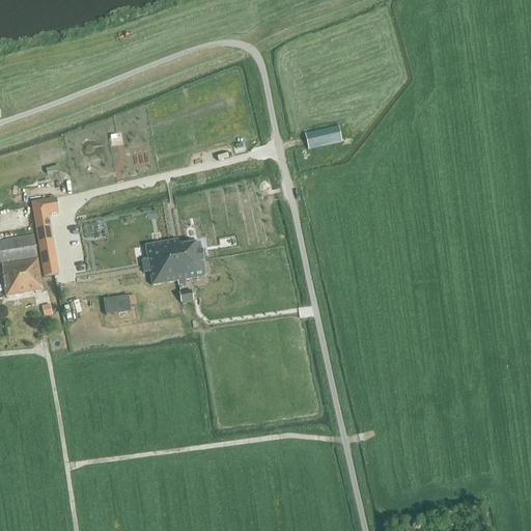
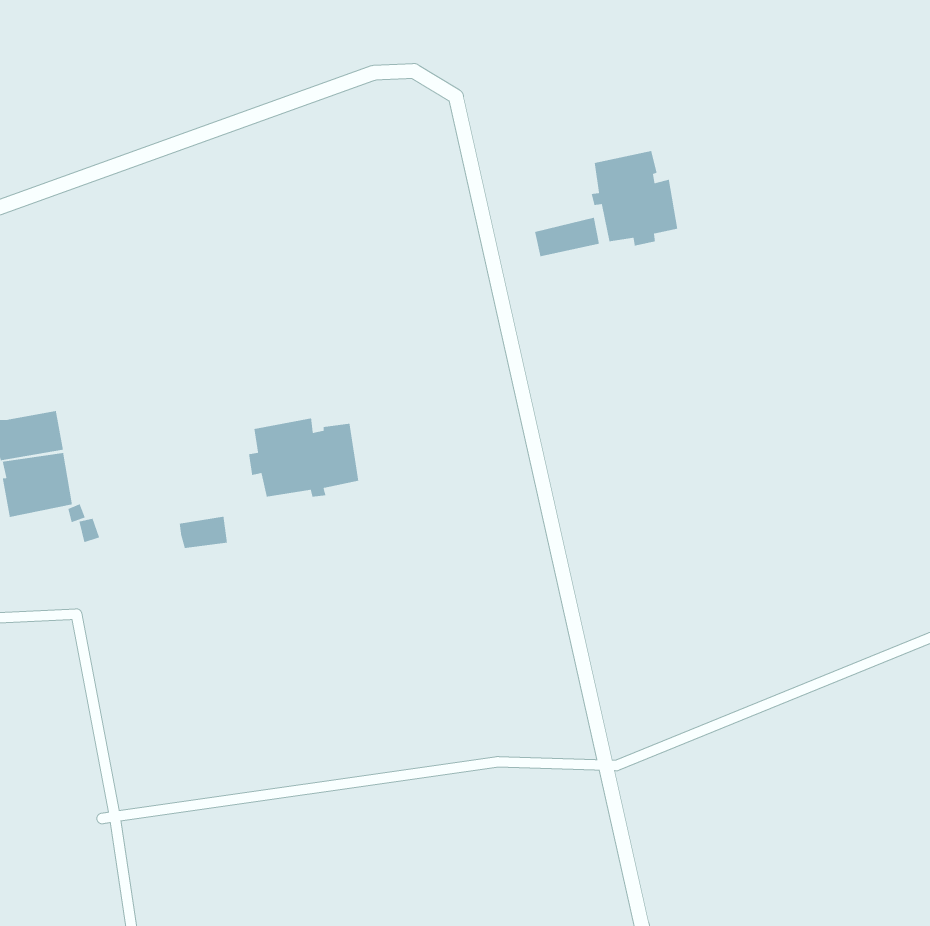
building: none -> [591,150,678,246]
building: [30,196,58,274] -> none

